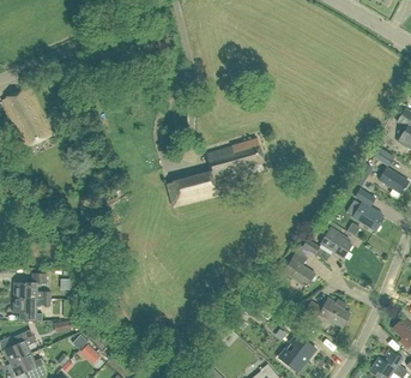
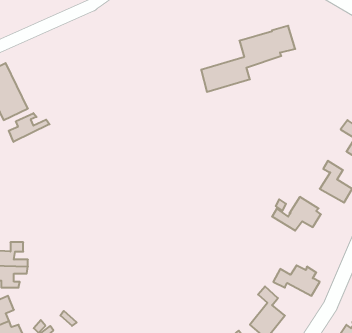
building: [167,138,264,206] -> [201,26,295,92]
building: none -> [9,113,50,142]
building: [283,250,316,287] -> none

